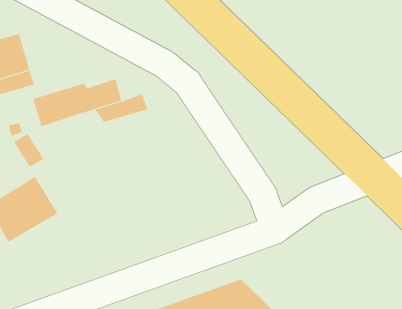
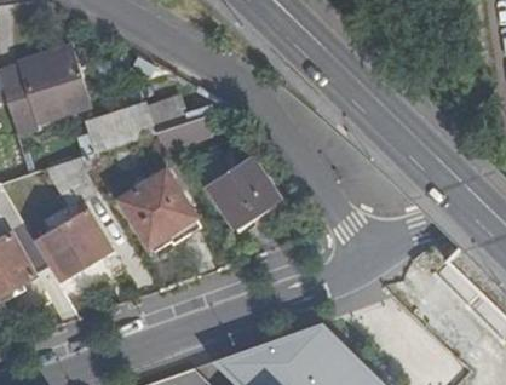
building: none -> [203,159,274,234]
building: none -> [123,172,195,243]

